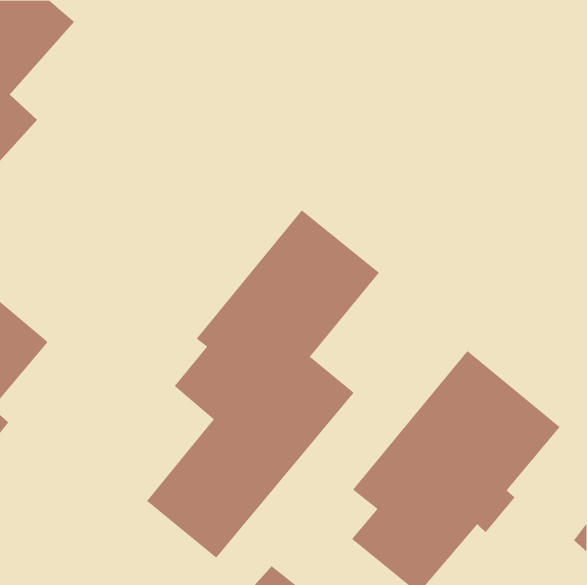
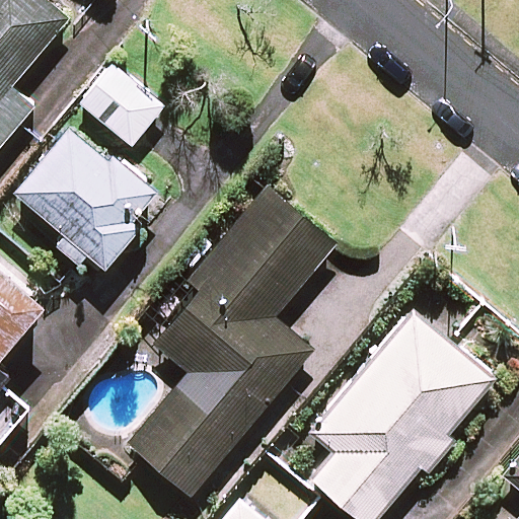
building: none -> [81,66,162,146]
building: none -> [16,128,160,278]

